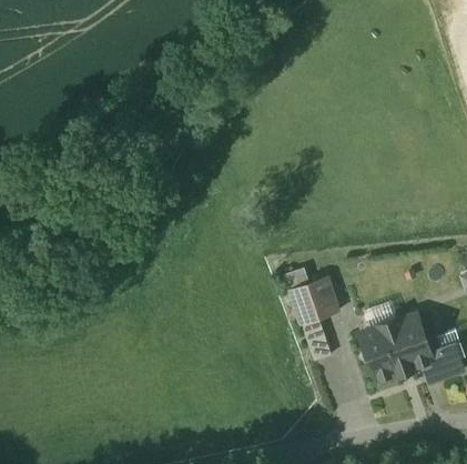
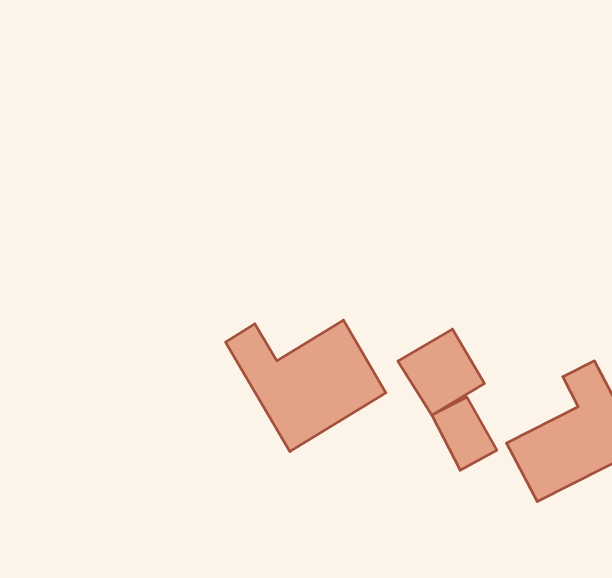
building: none -> [226,320,386,452]

